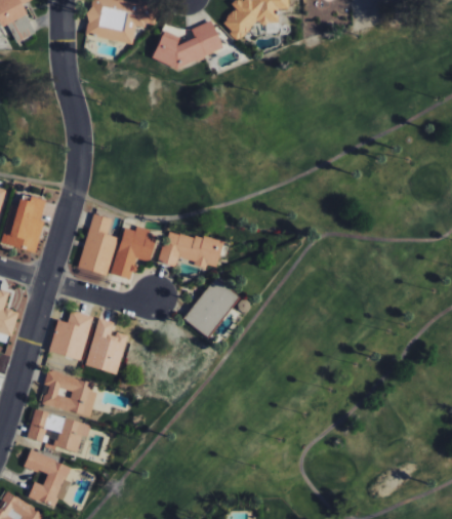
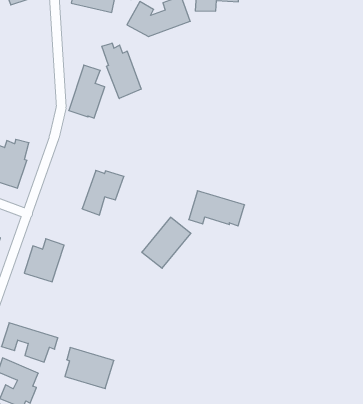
building: none -> [102,43,141,99]
building: [78,213,118,274] -> [69,65,105,118]
building: [159,229,222,267] -> [189,191,245,226]
building: [85,318,127,374] -> none
building: [42,370,97,415] -> [65,348,114,389]

